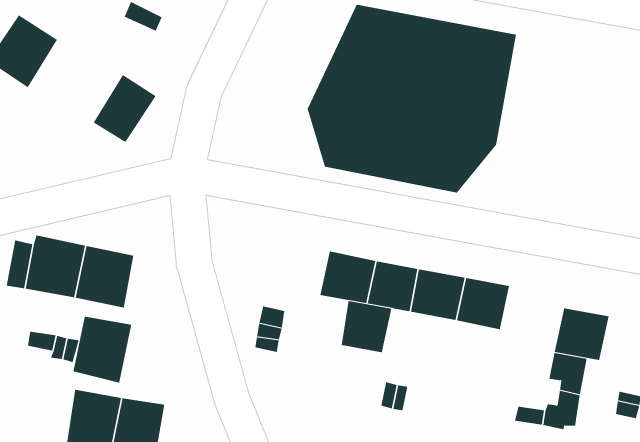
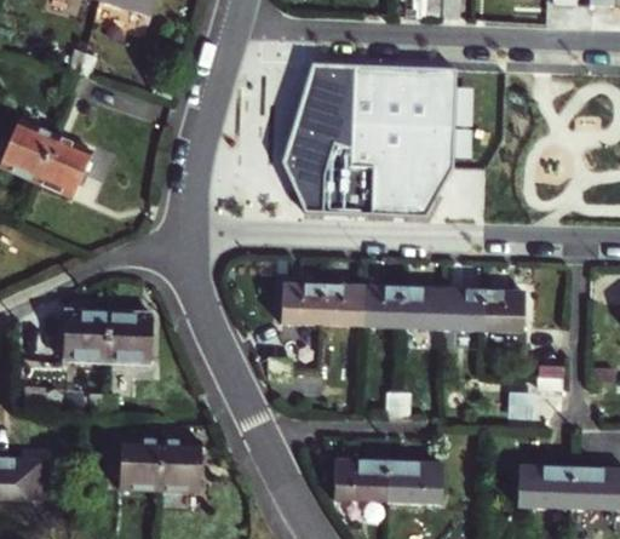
building: [93,74,156,143] -> [38,136,90,195]
building: [341,300,392,353] -> [282,282,322,323]
building: [554,308,609,361] -> [482,289,526,331]
building: [73,316,132,383] -> none

